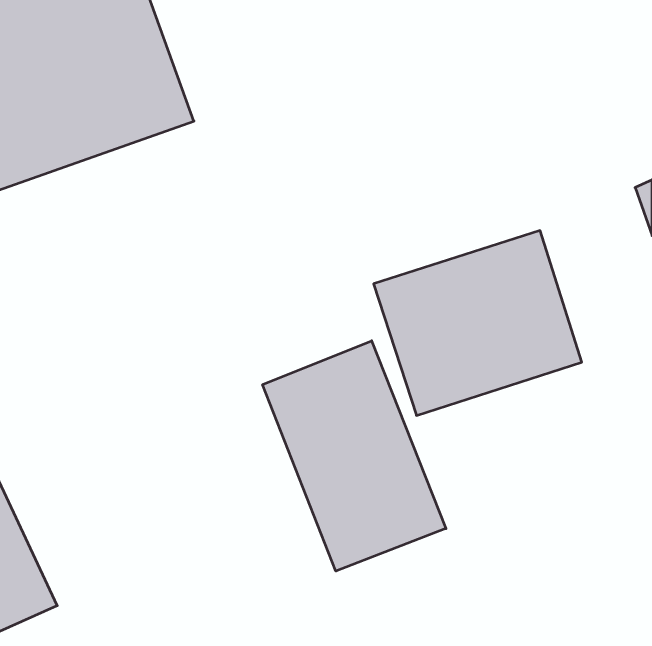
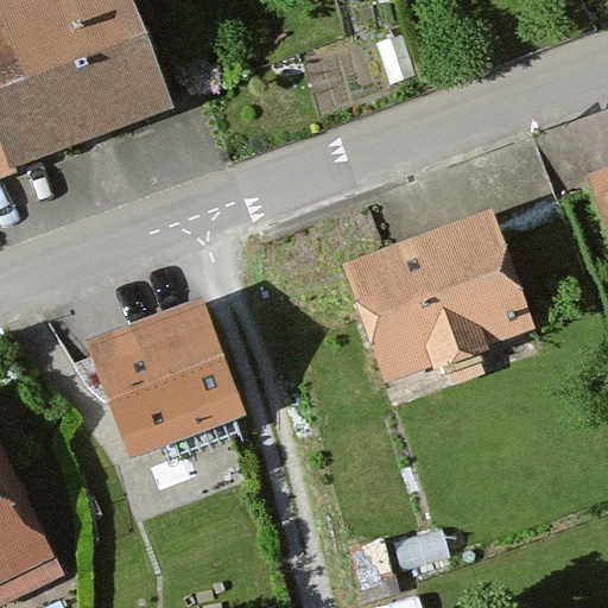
building: none -> [87,300,243,458]
building: [263,341,446,571] -> none

